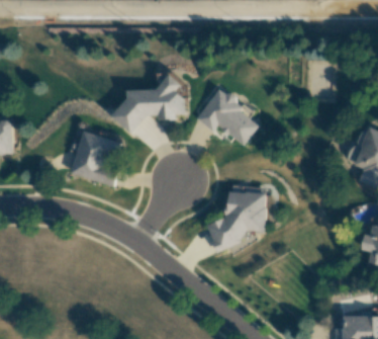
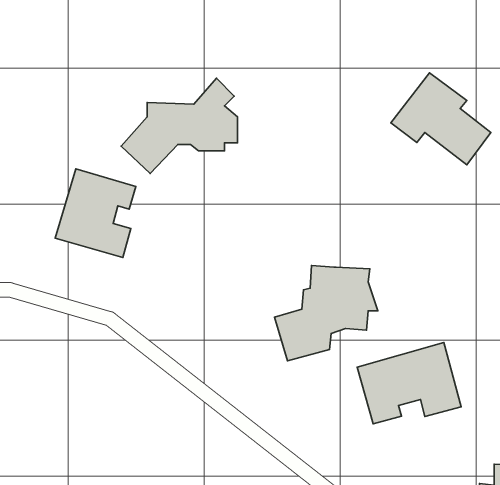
building: [196,87,259,145] -> [391,73,491,165]
building: none -> [357,343,461,424]

